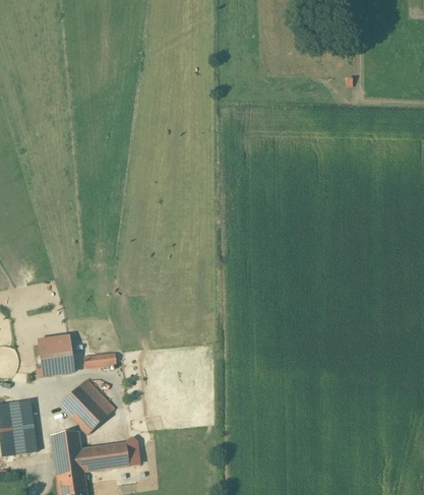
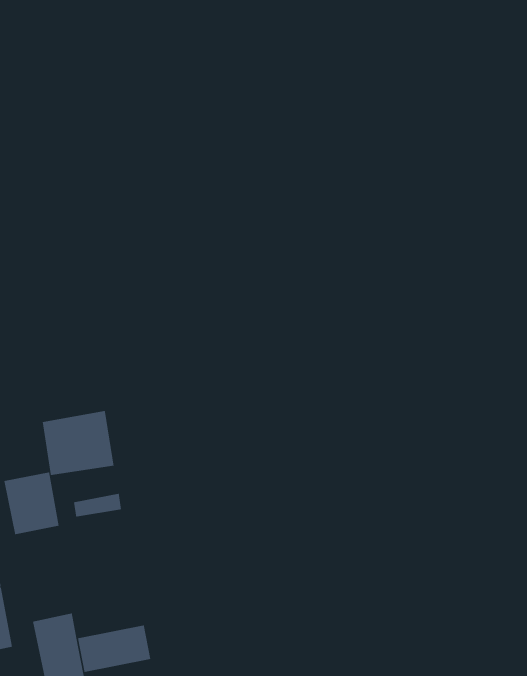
building: none -> [42,410,114,476]
building: [60,378,115,433] -> none

